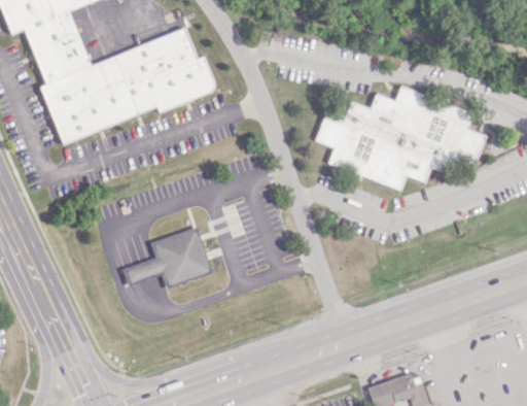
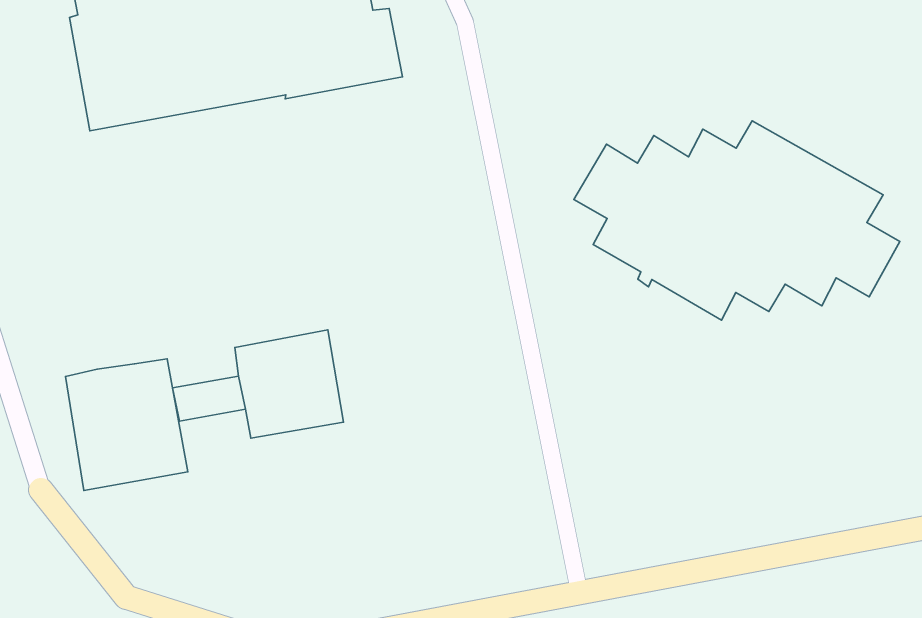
building: none -> [65,359,188,491]

